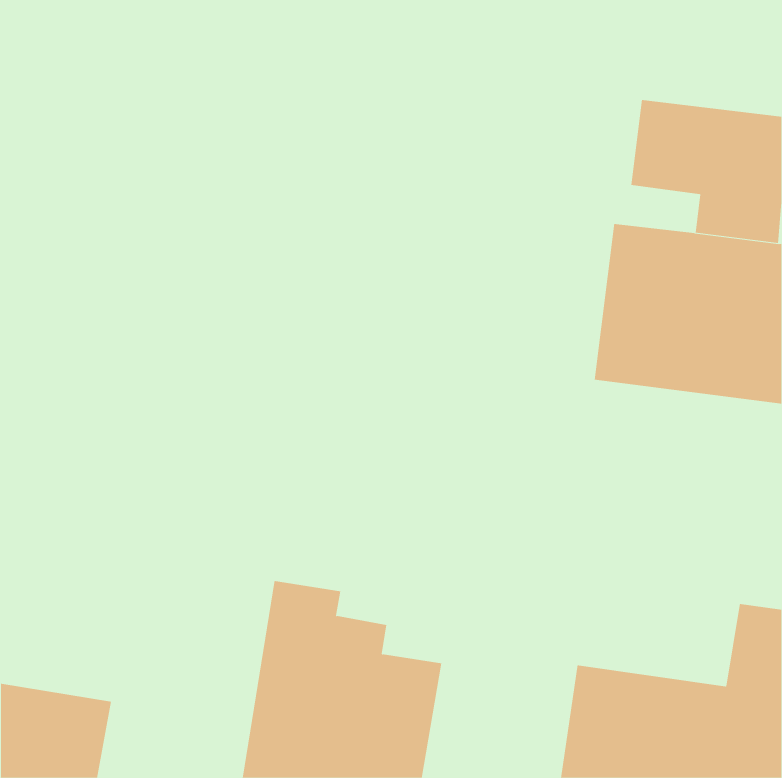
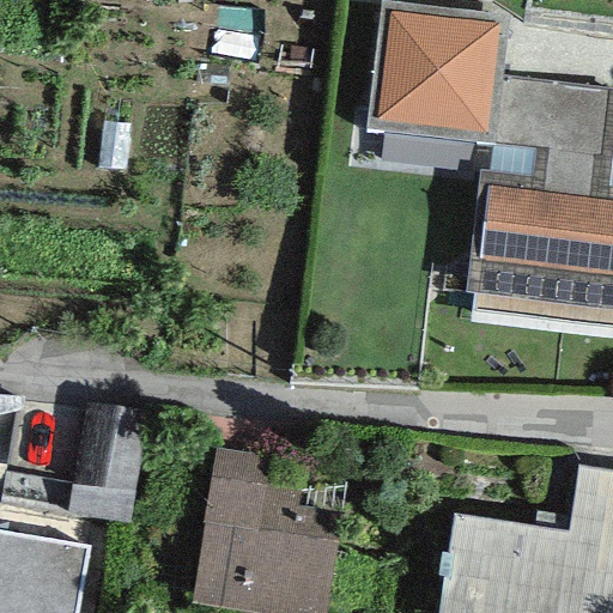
building: none -> [366,5,508,148]
building: none -> [68,406,147,526]

